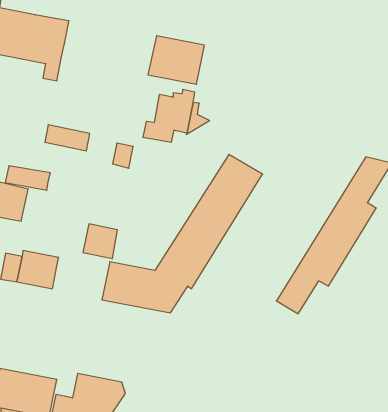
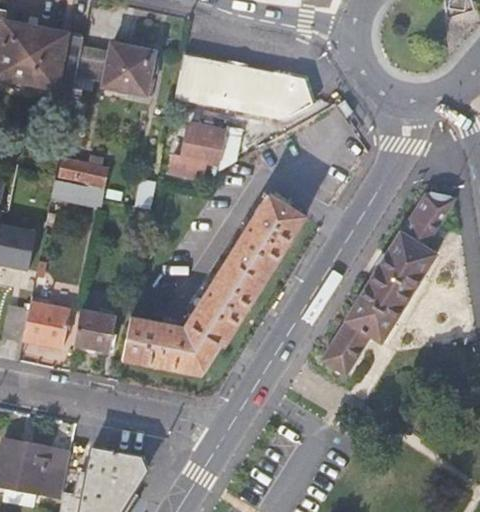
building: none -> [74,43,154,95]
building: none -> [230,66,309,121]
building: [5,166,50,190] -> [51,180,103,208]
building: [83,224,118,259] -> [72,311,112,351]

